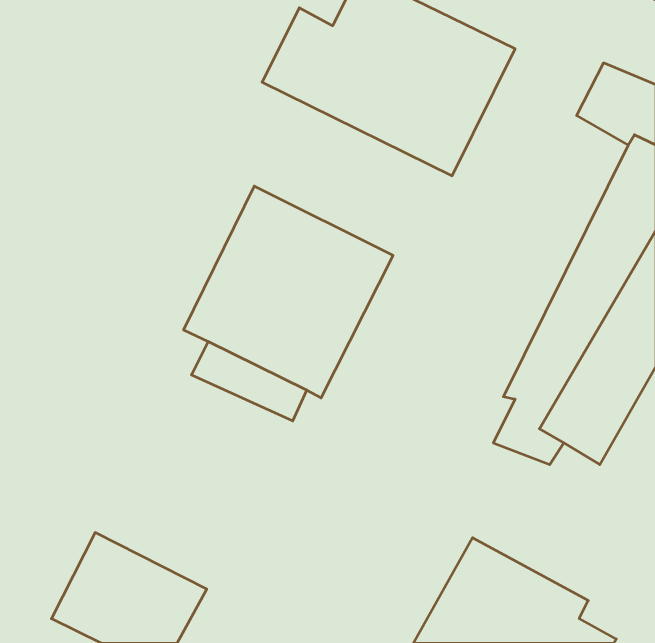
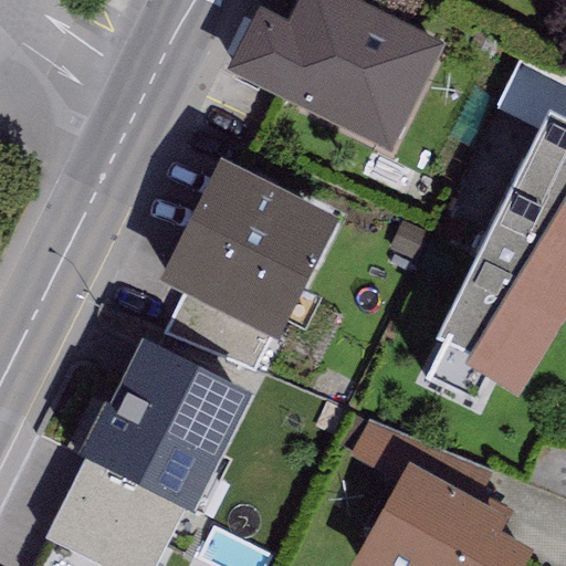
building: none -> [78,338,253,515]

